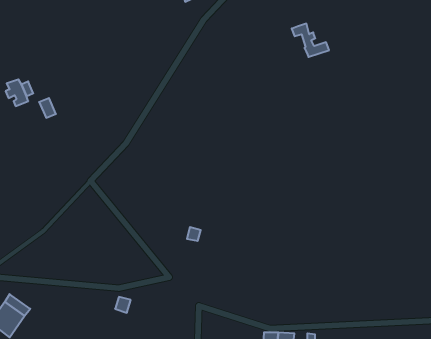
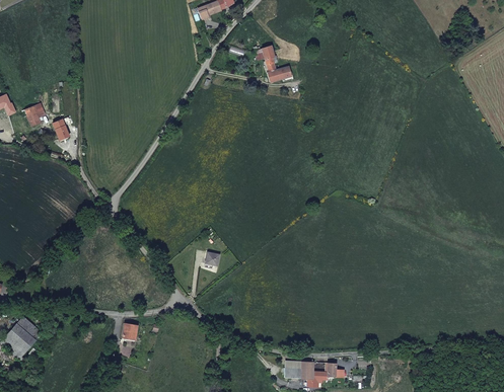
building: [292,24,329,57] -> [251,50,290,84]

